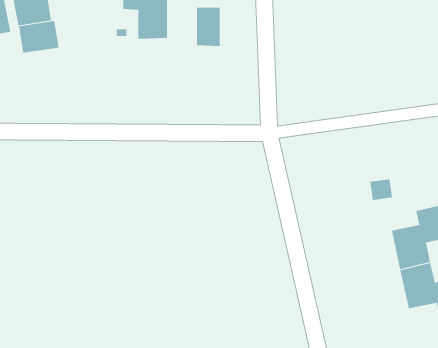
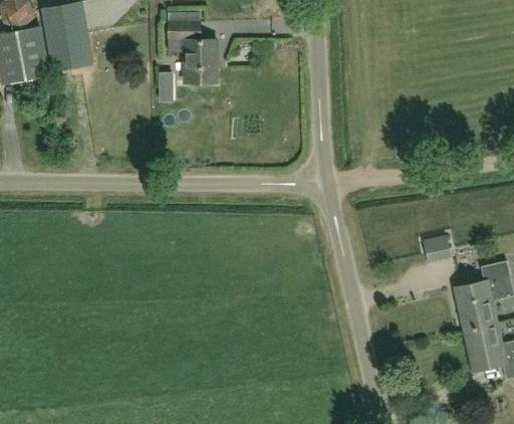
building: [196,7,220,47] -> none
building: [19,20,59,53] -> none

